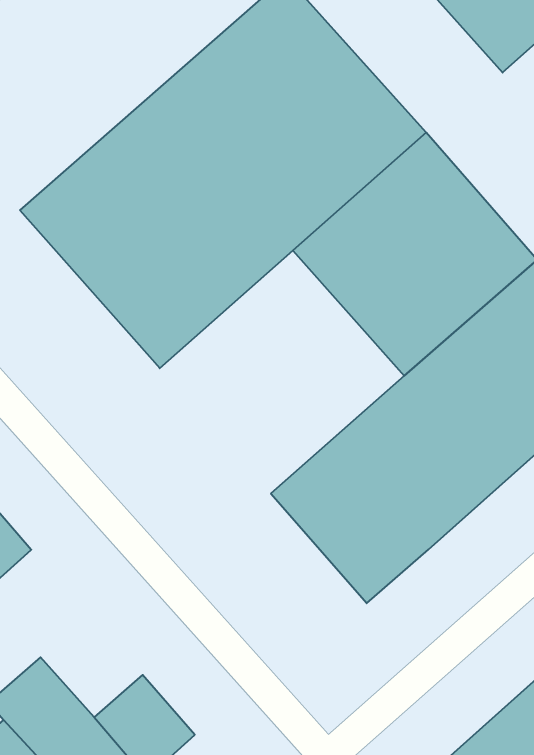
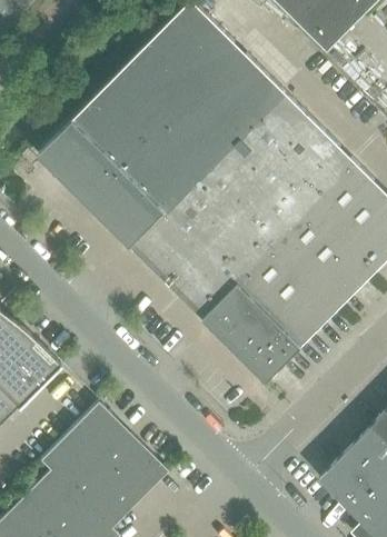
building: none -> [130,170,280,320]
building: none -> [69,402,132,465]

